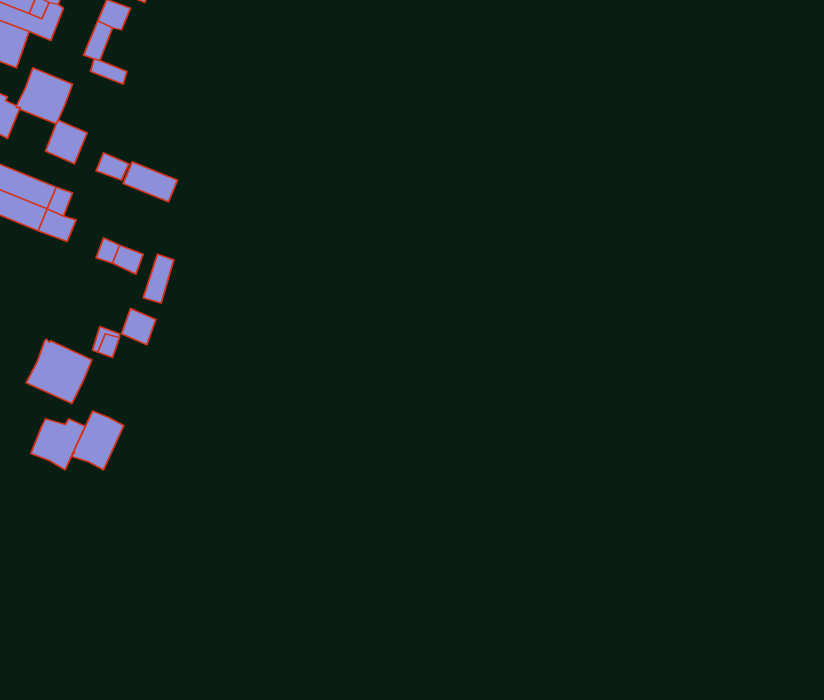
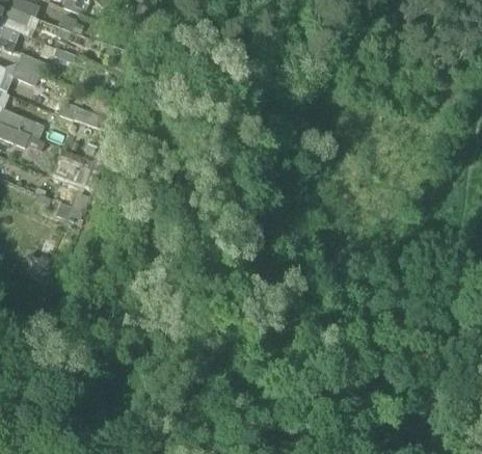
building: [26,339,92,404] -> none
building: [72,411,124,470] -> none

